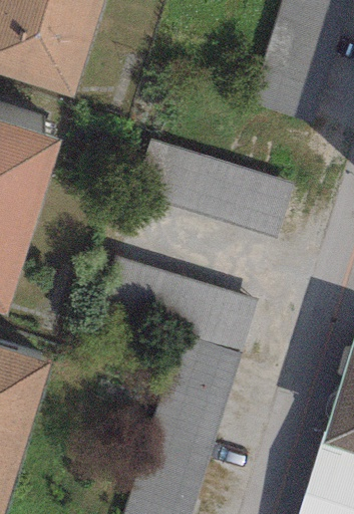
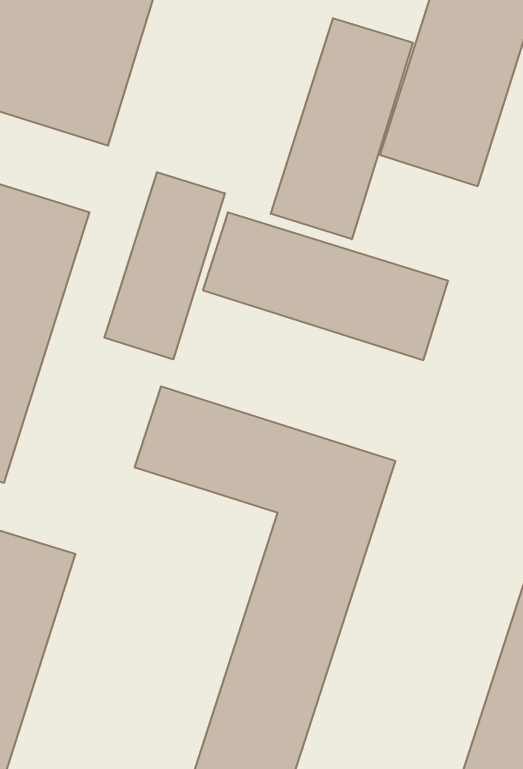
building: none -> [271,18,413,239]
building: none -> [104,172,225,359]

